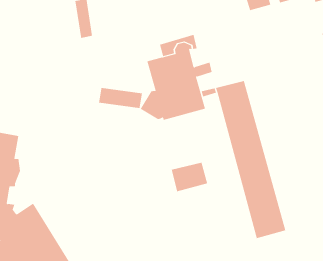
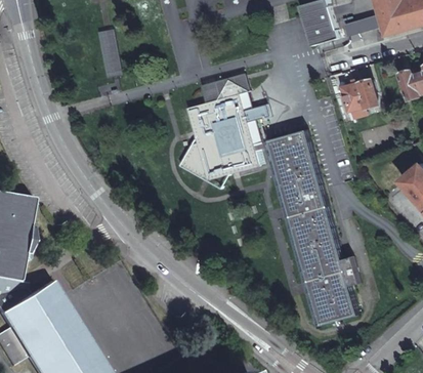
building: none -> [341,76,377,109]
building: [98,87,143,109] -> none
building: [171,162,208,192] -> none

